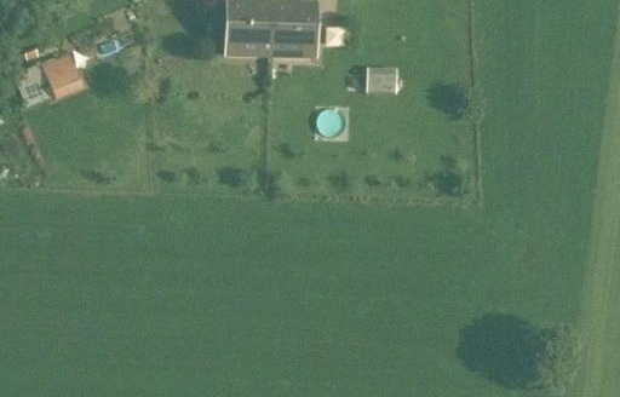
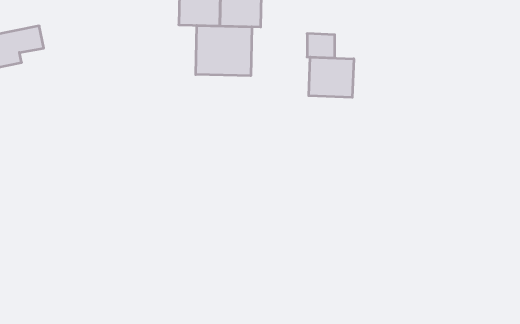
building: none -> [196,25,252,76]
building: none -> [309,57,354,97]

